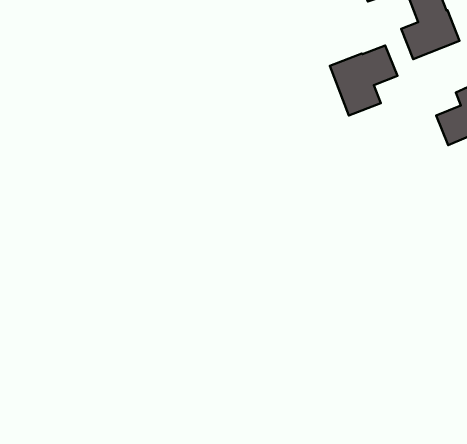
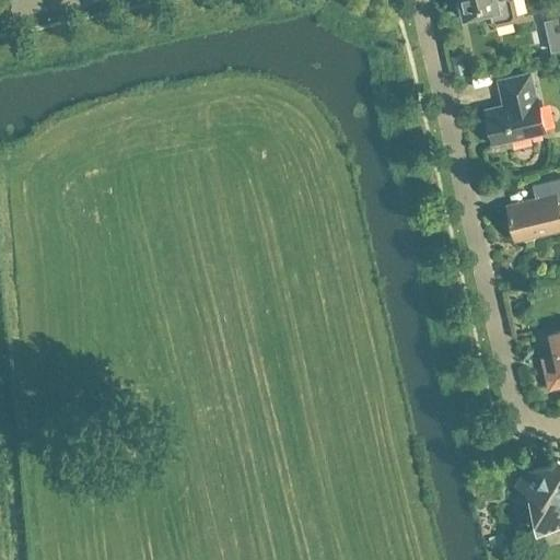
building: [330,45,398,116] -> none

